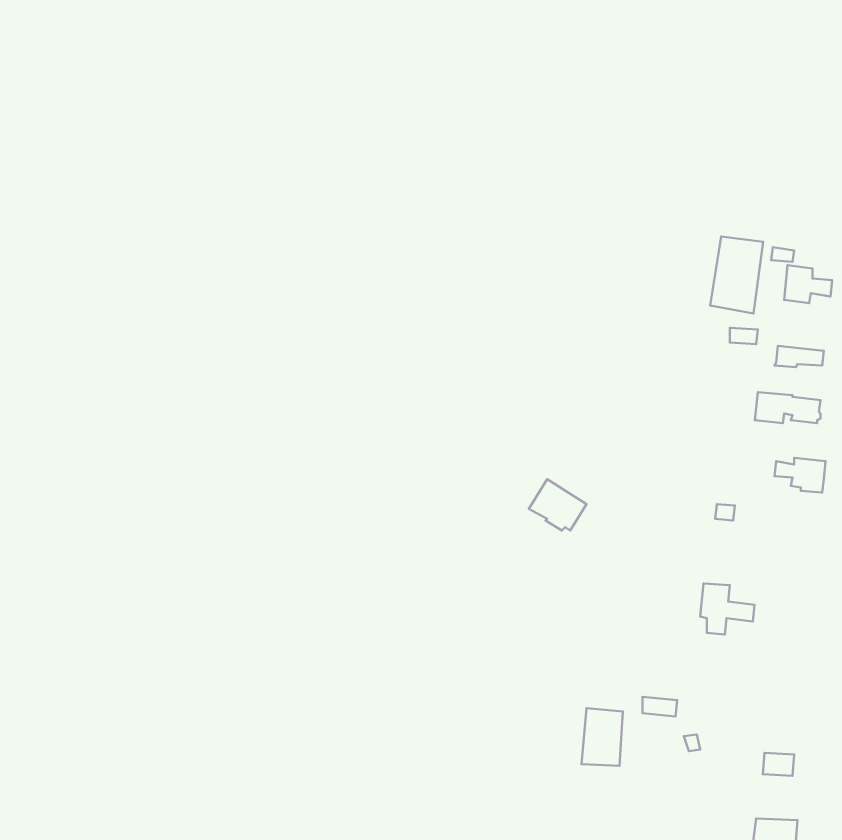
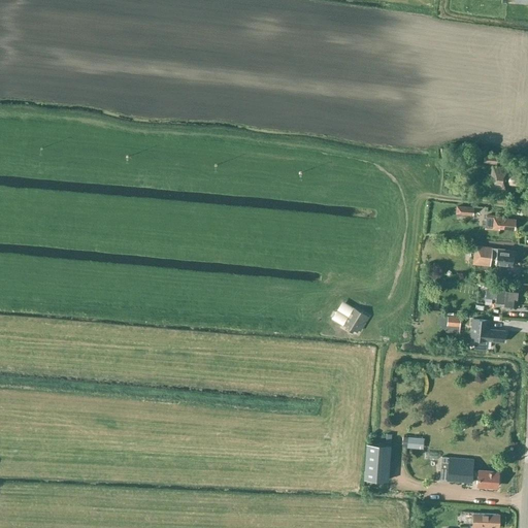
building: [710,236,763,313] -> none
building: [700,583,754,635] -> [470,319,504,351]
building: none -> [440,458,474,484]

